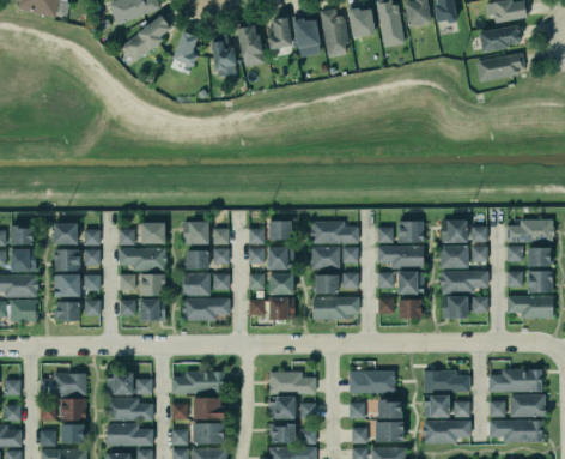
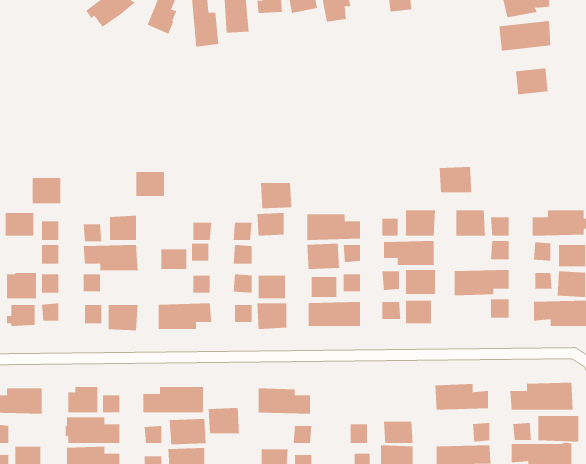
building: none -> [515,68,548,95]
building: [183,223,208,244] -> [136,171,165,197]
building: [438,243,467,266] -> [439,166,472,193]
building: [53,247,78,270] -> [32,178,61,204]
building: [267,248,294,271] -> [260,182,292,209]
building: [139,271,164,295] -> none
building: [183,274,209,296] -> none
building: [439,294,466,318] -> none
building: [348,372,395,394] -> none
building: [423,395,450,418] -> none
building: [59,397,84,421] -> none
building: [268,397,296,419] -> [208,407,240,434]

